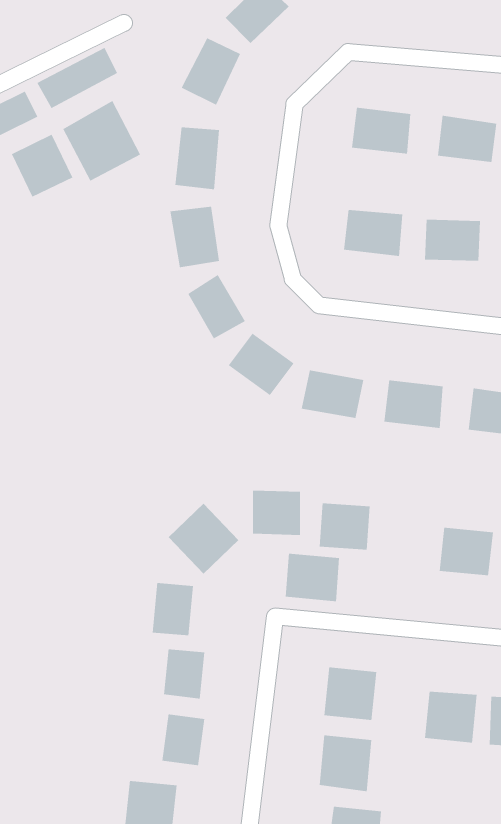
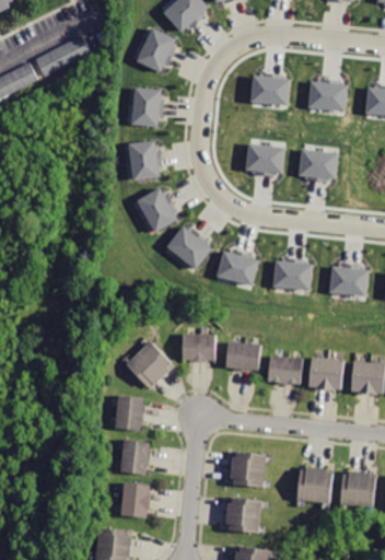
building: [62,100,141,182] -> none
building: [11,134,73,198] -> none
building: [285,553,340,602] -> [268,355,305,388]

